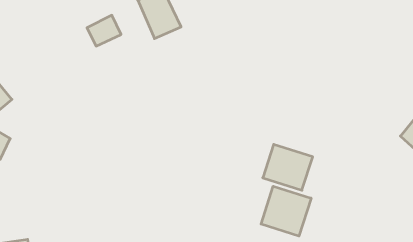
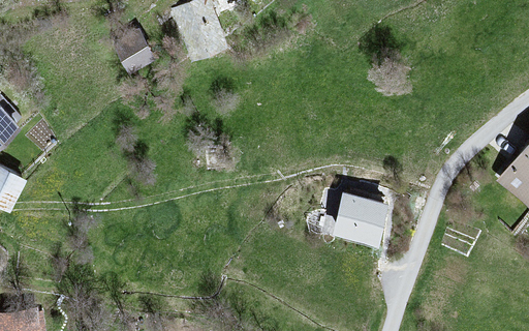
building: [261,186,311,236] -> none

